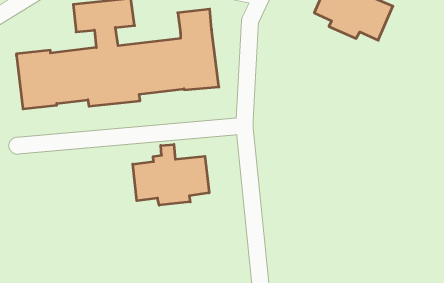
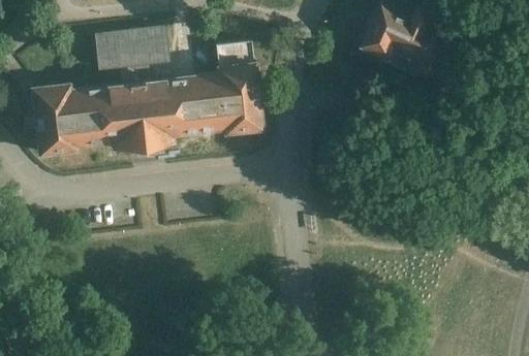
building: [133,144,209,205] -> none

